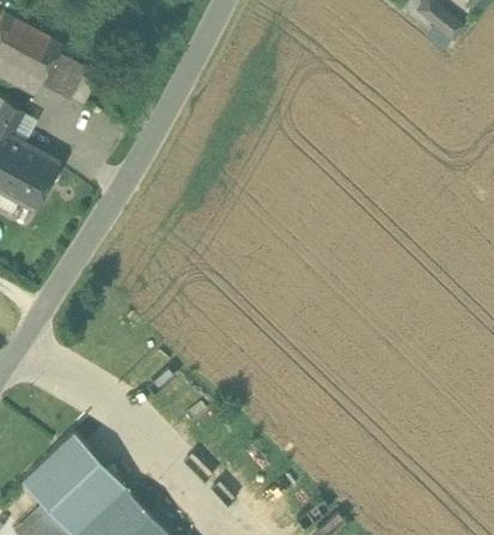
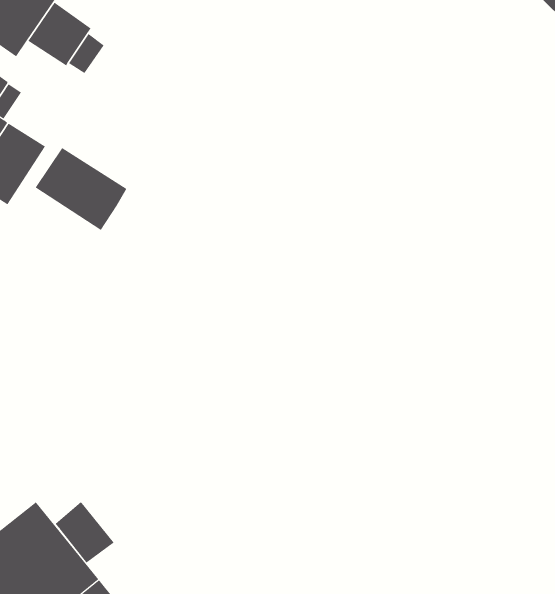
building: none -> [35,147,127,231]
building: none -> [55,501,115,564]

